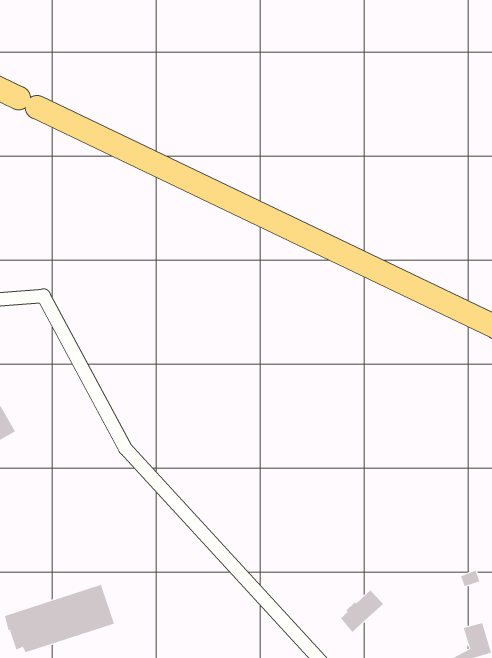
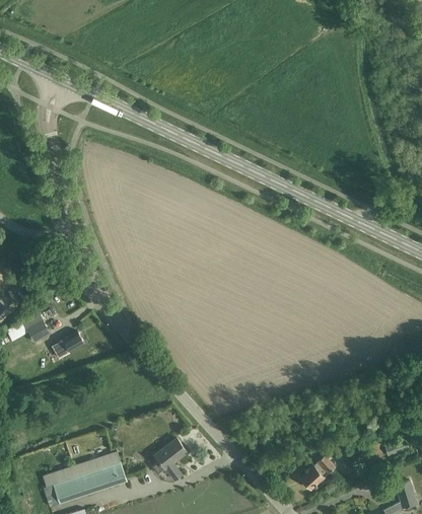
building: none -> [52,332,84,359]
building: none -> [151,438,187,480]

